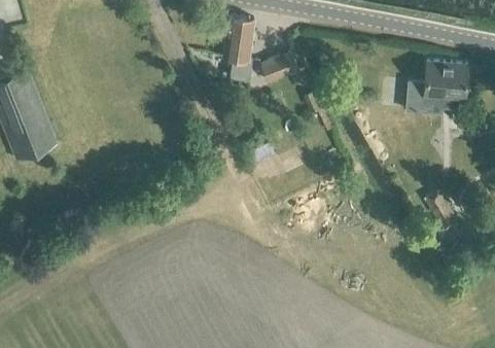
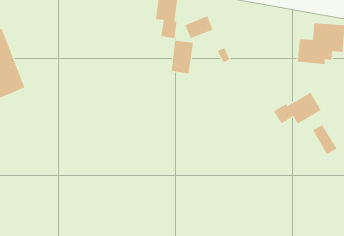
building: none -> [171,40,194,74]
building: none -> [273,92,321,124]

